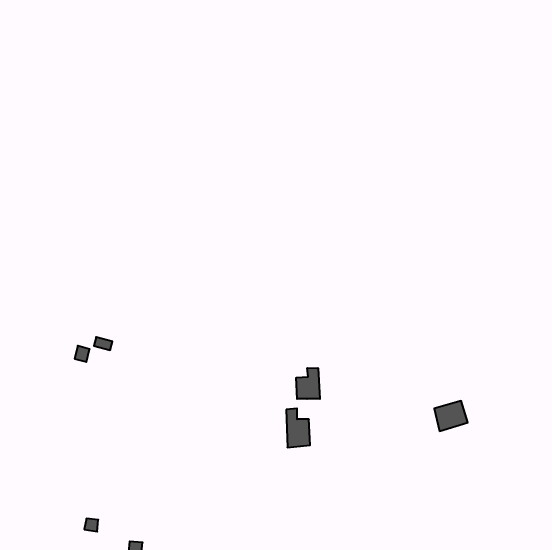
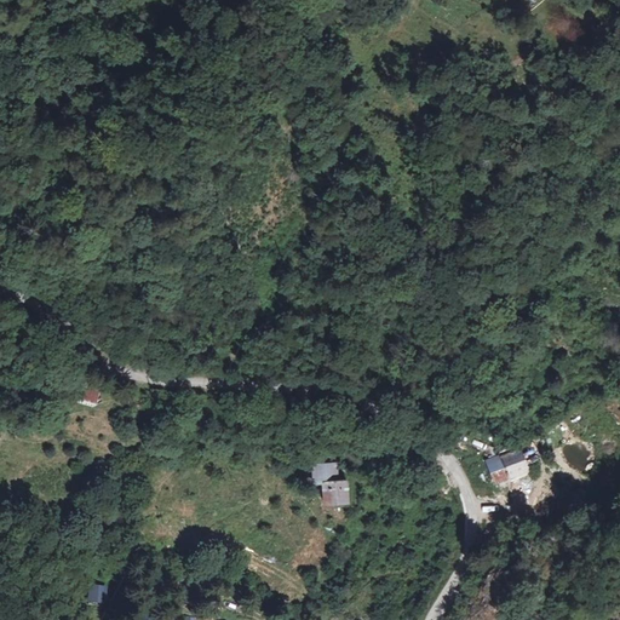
building: [296,368,320,399] -> none

